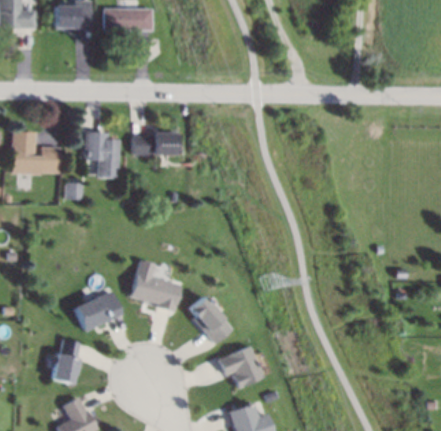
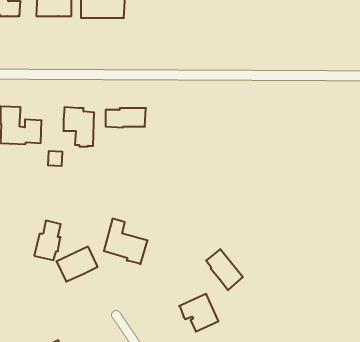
building: [187,296,229,343] -> [206,249,243,290]
building: [51,339,81,384] -> [34,221,61,260]

